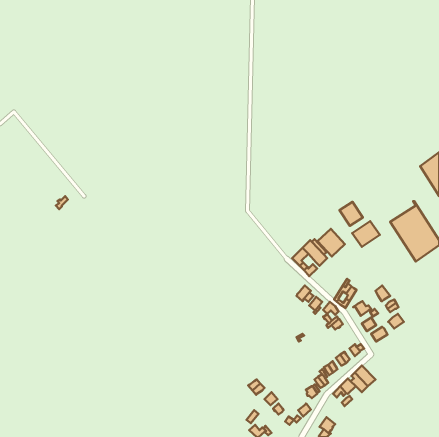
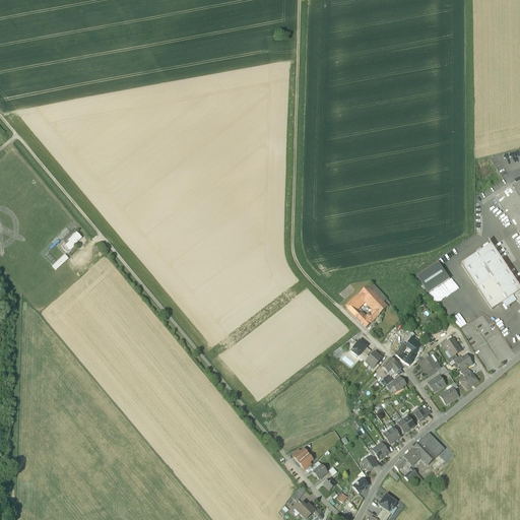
building: [340,202,363,226] -> none
building: [317,229,345,257] -> none

